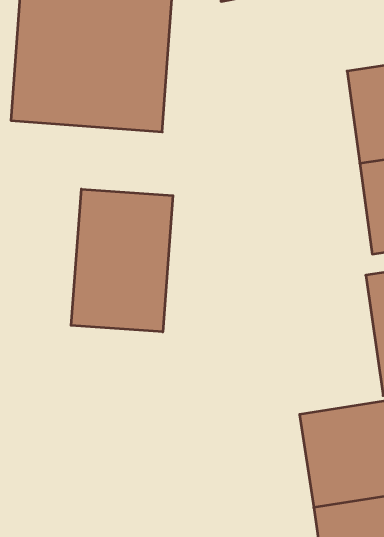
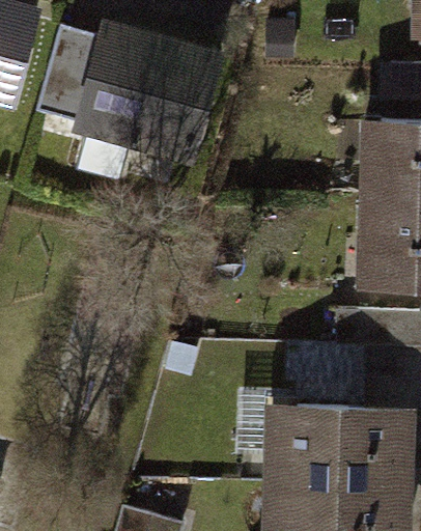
building: [71,189,173,332] -> none

